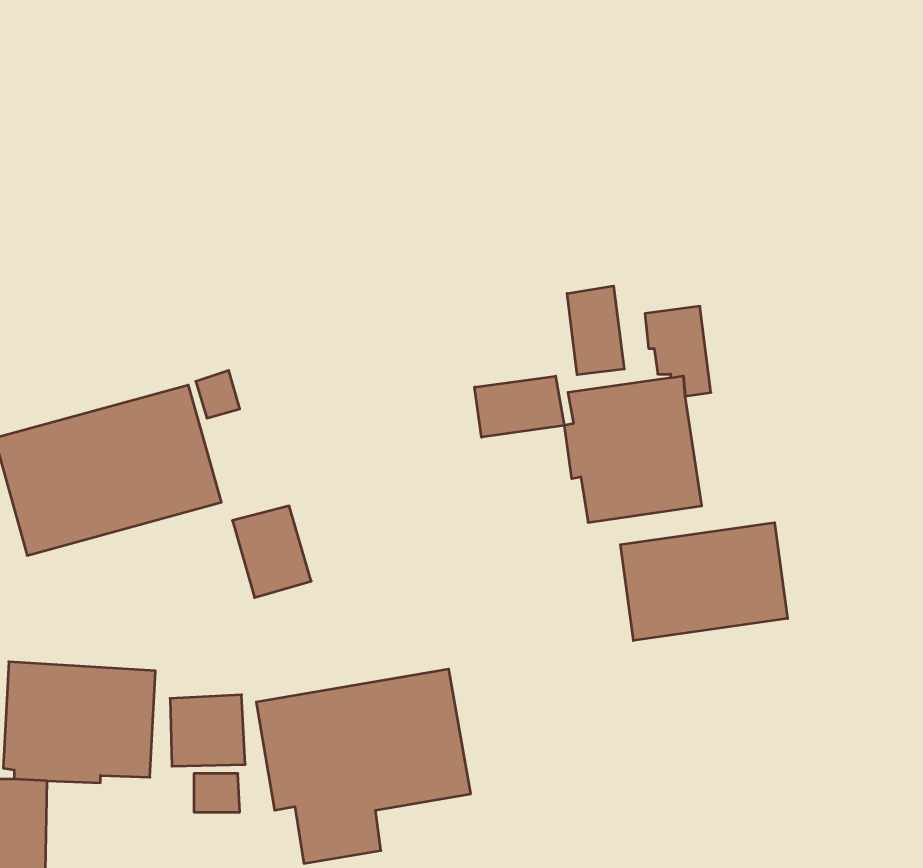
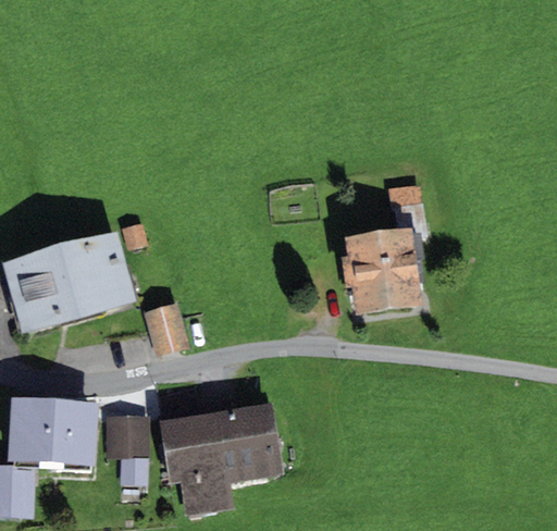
building: [567,286,624,375] -> none
building: [475,376,564,437] -> none
building: [620,523,788,641] -> none

